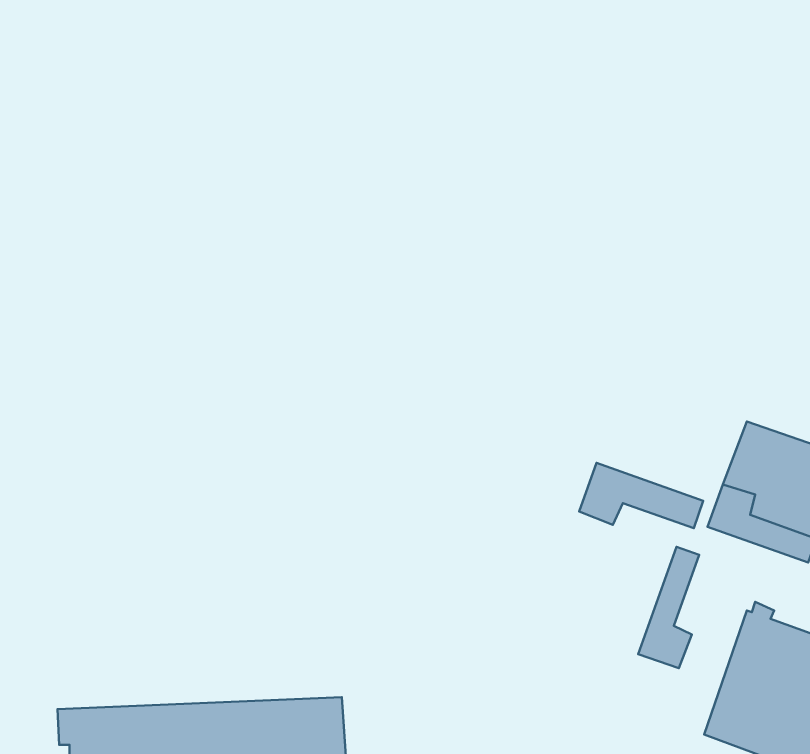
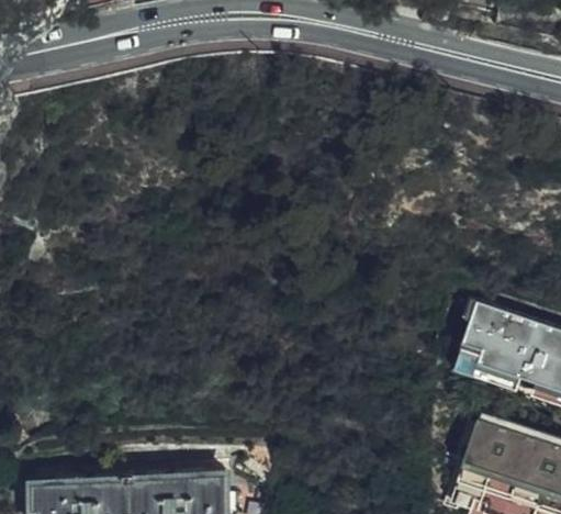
building: [579,463,703,528] -> none
building: [638,547,699,668] -> none

